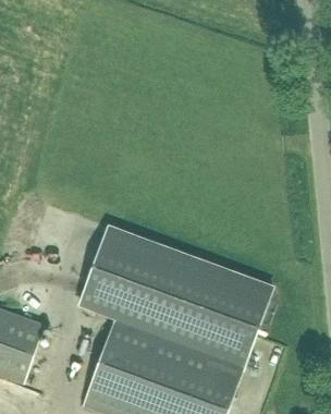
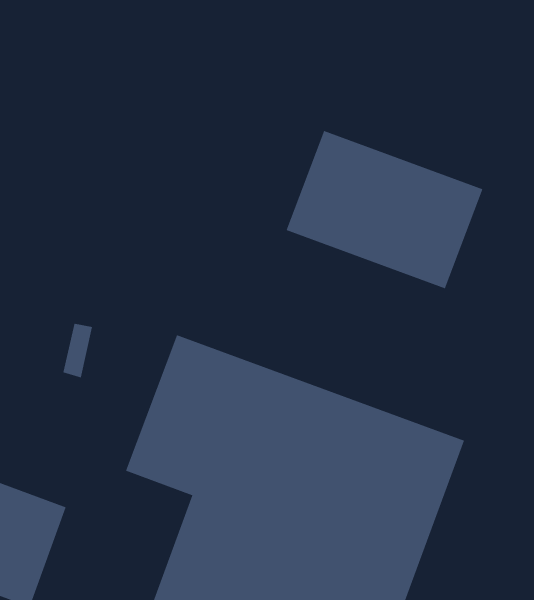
building: none -> [286,130,483,289]

